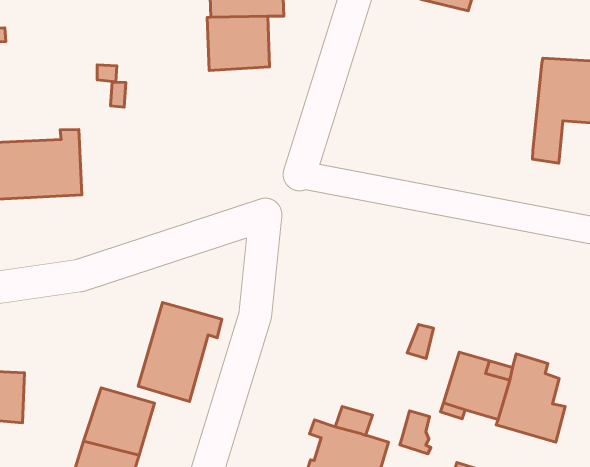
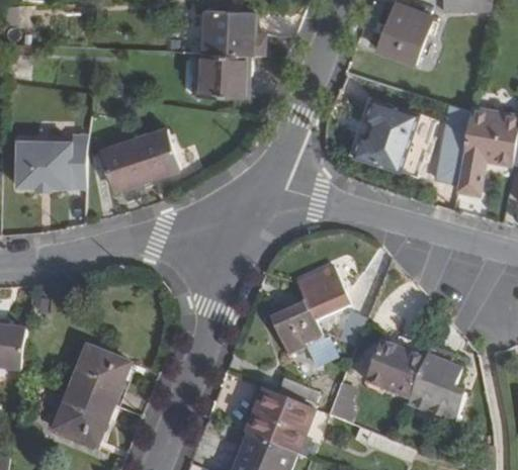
building: none -> [353,99,434,177]
building: none -> [435,107,469,182]
building: none -> [102,132,166,190]
building: none -> [270,266,350,371]
building: [138,303,222,401] -> none

